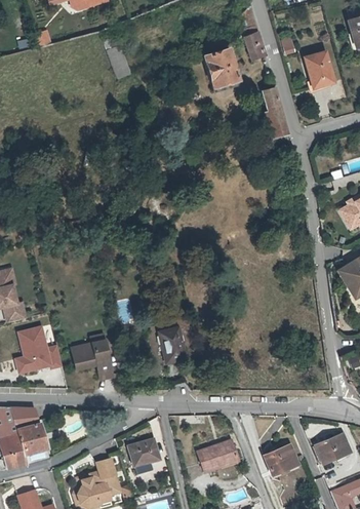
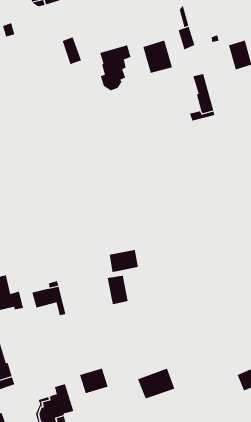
building: none -> [99,45,131,91]
building: none -> [109,249,138,273]
building: [264,442,301,477] -> none

